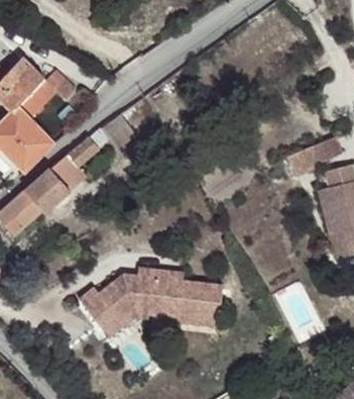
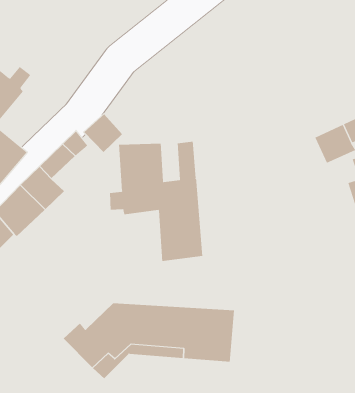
building: none -> [110,141,203,262]

